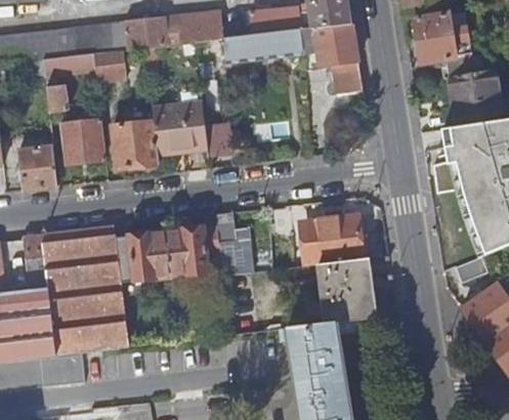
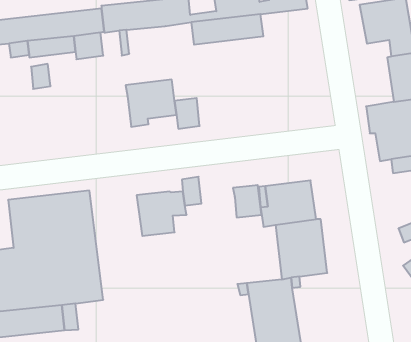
building: [301,23,365,93] -> none
building: [61,118,108,163] -> none
building: [113,120,159,168] -> none
building: [20,144,59,190] -> none
building: [128,229,170,280] -> none
building: [217,238,249,274] -> [233,185,262,217]

